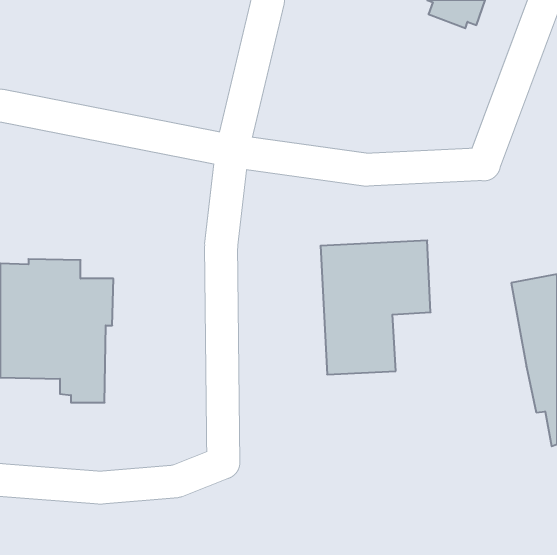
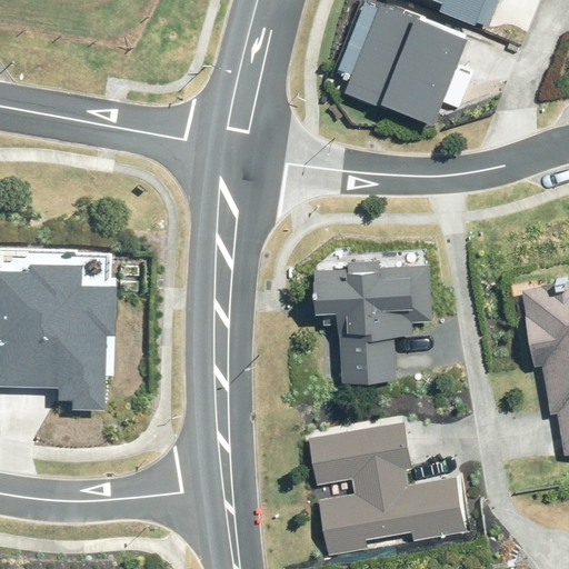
building: none -> [345,9,463,124]
building: none -> [315,422,472,548]

